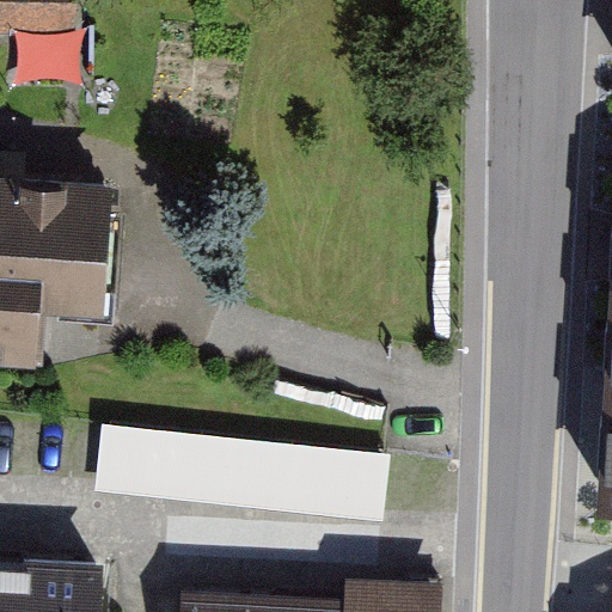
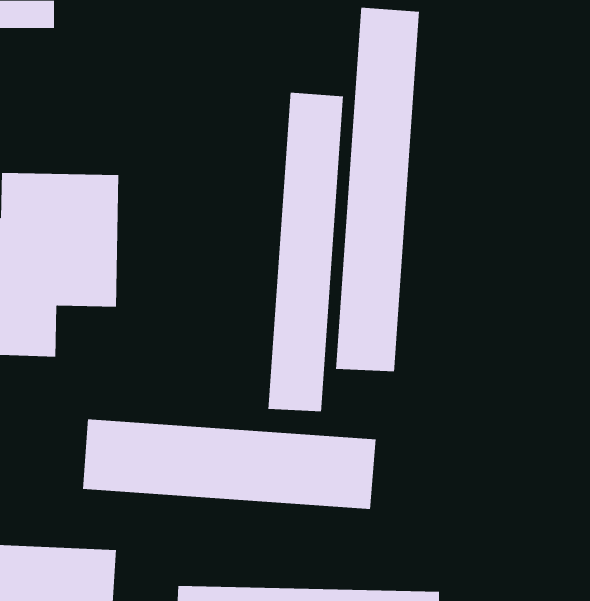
building: none -> [335,7,420,372]
building: none -> [268,92,344,412]

